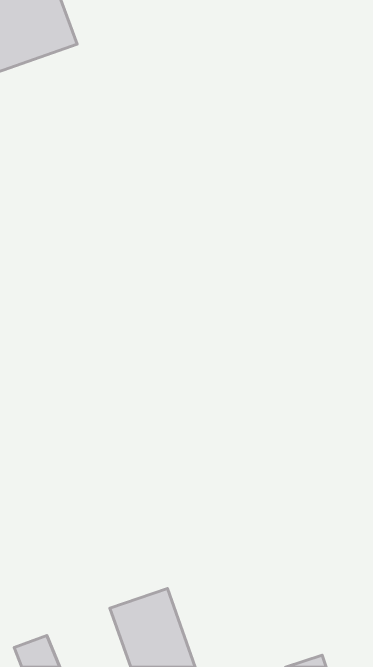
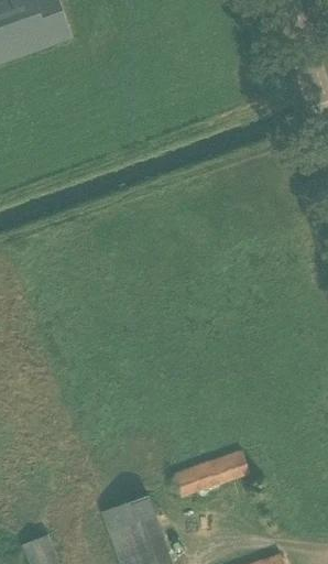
building: none -> [172,451,247,500]

